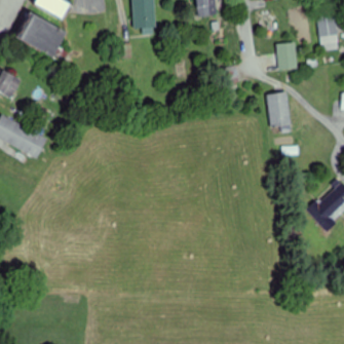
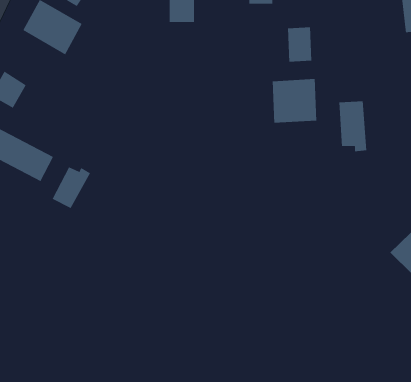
building: [276,42,296,70] -> [287,27,312,62]
building: none -> [272,78,317,124]
building: none -> [52,166,91,209]

